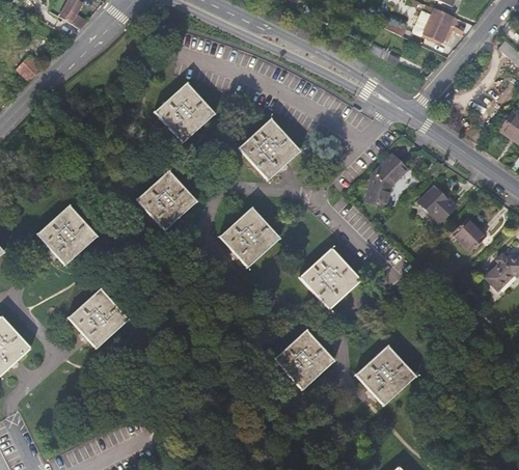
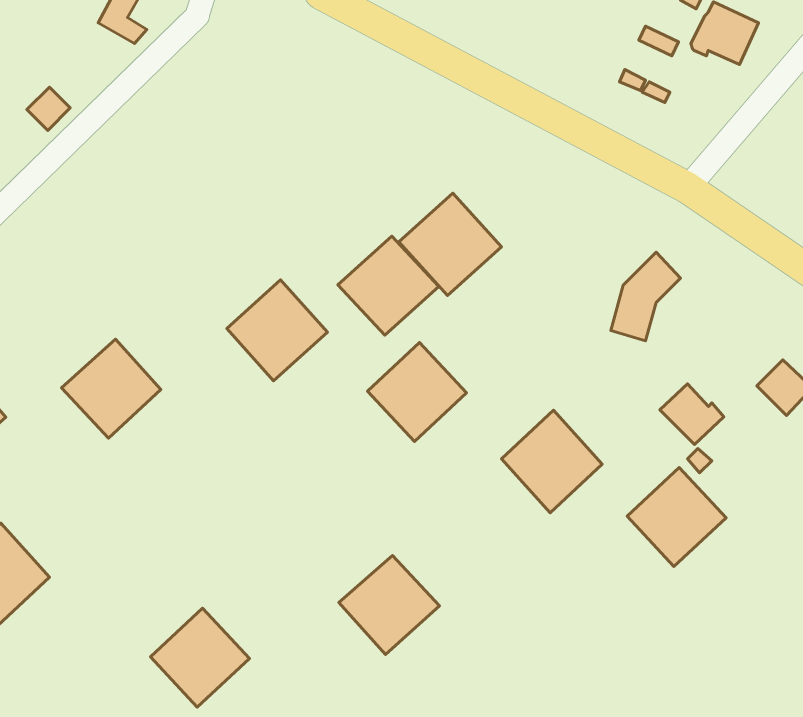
building: [155,83,215,142] -> [338,236,439,335]
building: [418,186,457,222] -> [660,384,724,445]
building: [69,288,128,348] -> [150,608,249,707]
building: [274,330,334,389] -> [339,555,440,654]
building: [356,345,415,405] -> [627,467,726,566]

